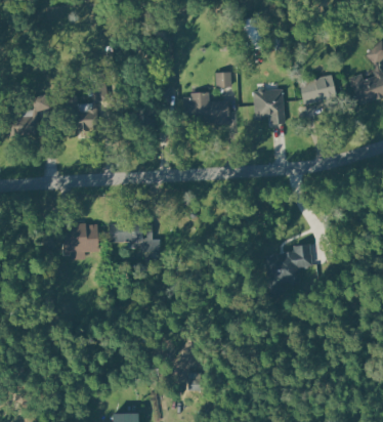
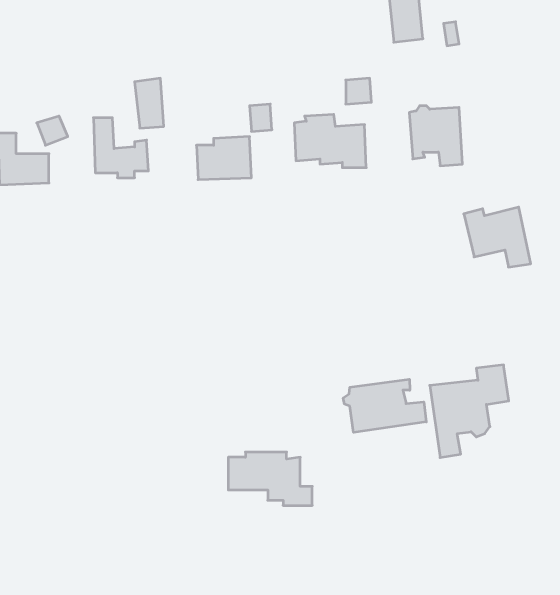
building: [299,75,339,111] -> [464,207,531,267]
building: [110,219,160,251] -> [228,452,312,505]
building: [63,221,97,259] -> none
building: none -> [343,379,426,432]

